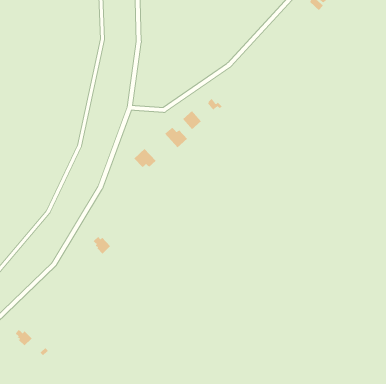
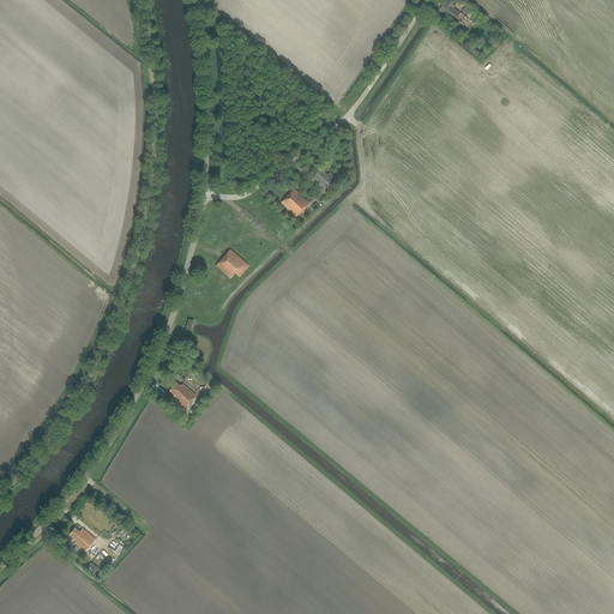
building: [164,127,188,148] -> none

